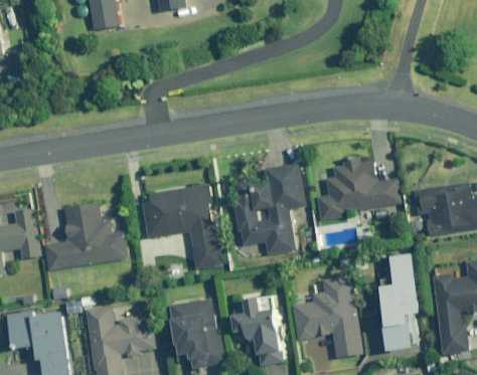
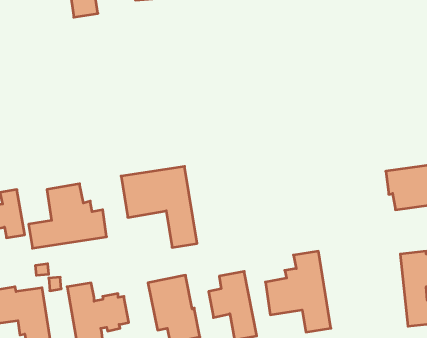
building: [317,158,399,221] -> none
building: [232,164,305,254] -> none
building: [377,253,422,351] -> none

